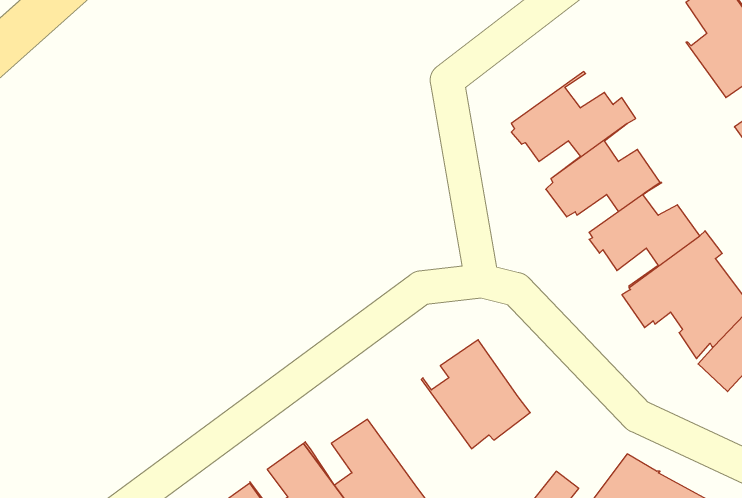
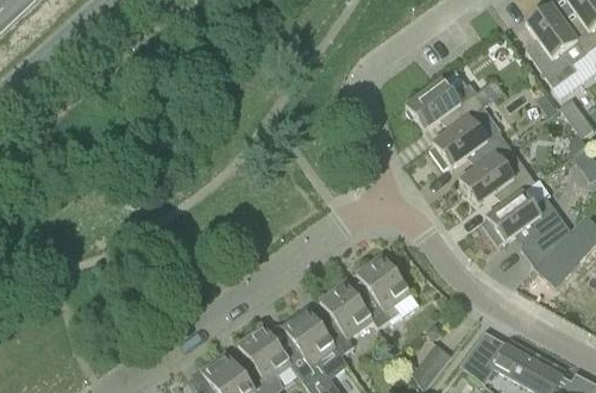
building: none -> [307,280,378,355]

